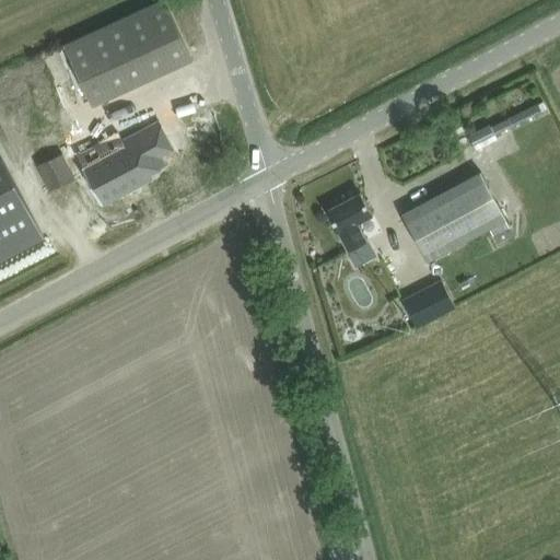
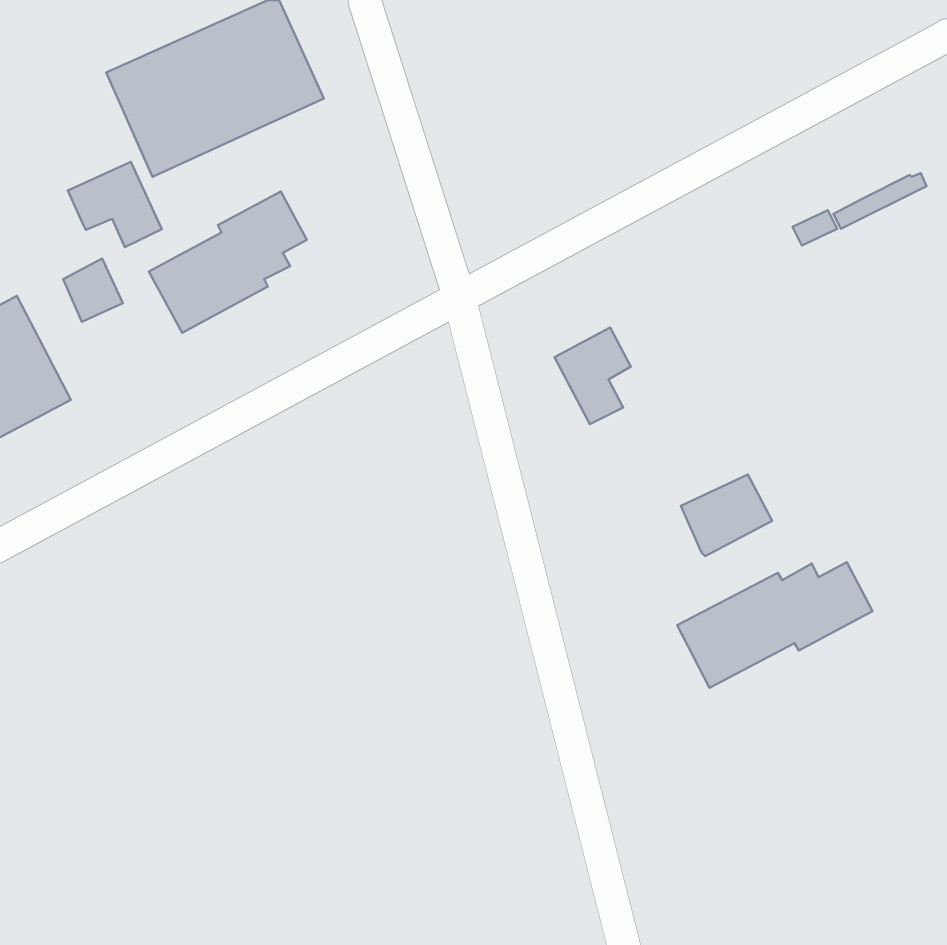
building: none -> [68,162,162,247]
building: [400,175,504,264] -> none
building: none -> [677,562,872,688]

